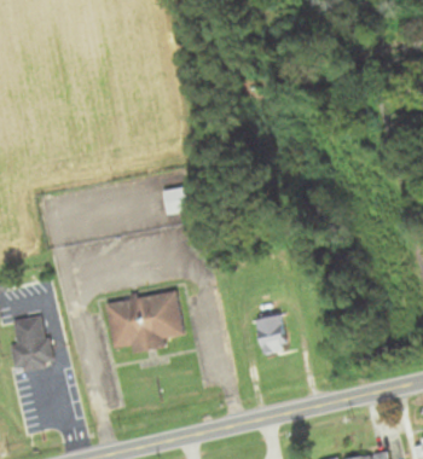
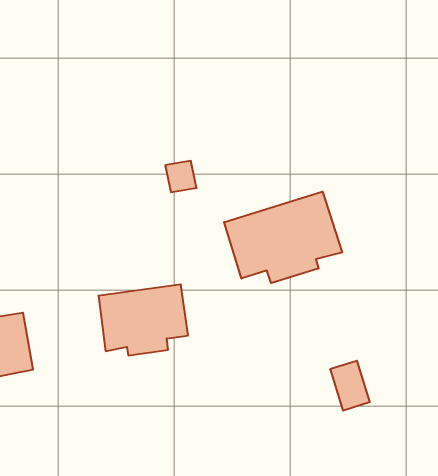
building: none -> [224,192,342,283]
building: [254,312,288,354] -> [330,361,370,410]

